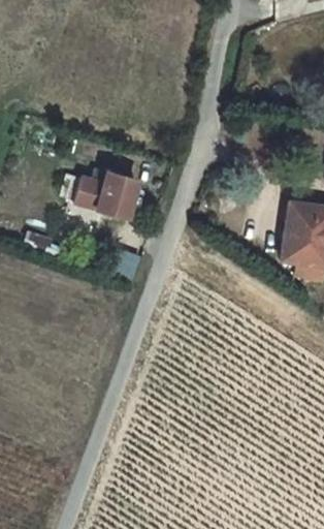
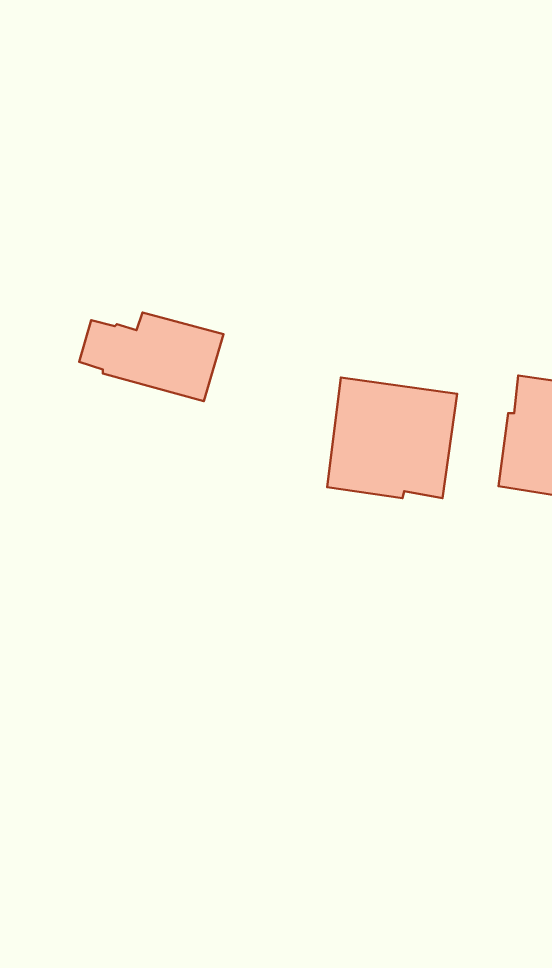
building: none -> [327,377,457,498]

